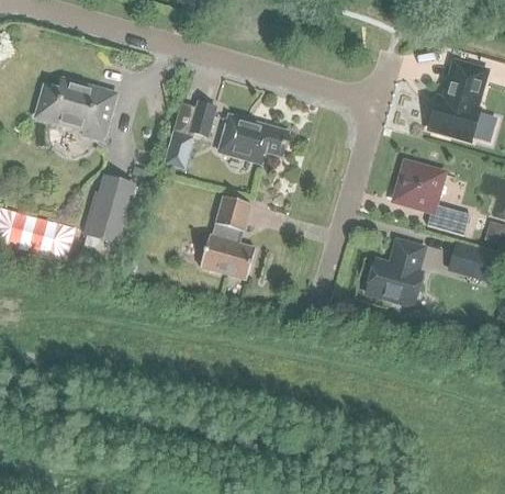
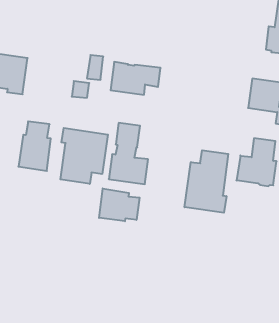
building: none -> [60,128,108,184]
building: none -> [185,150,228,213]
building: none -> [99,188,140,221]

